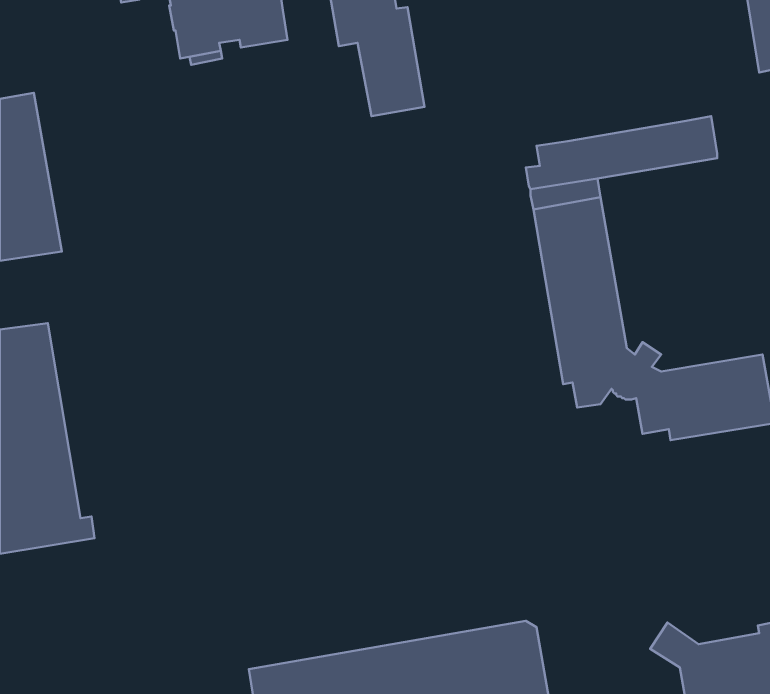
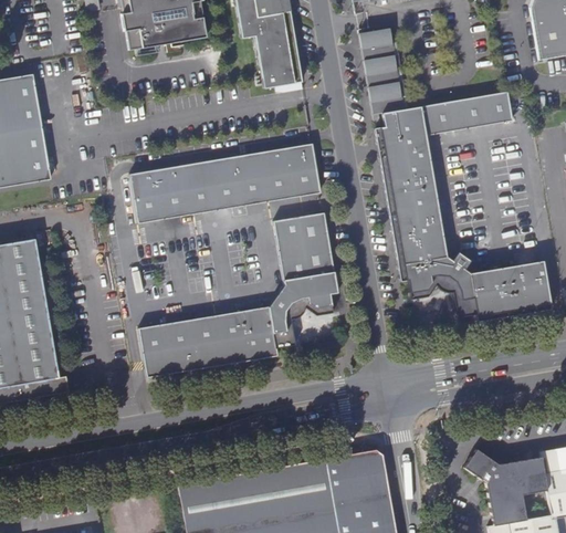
building: none -> [359,27,405,114]
building: none -> [130,142,322,222]
building: none -> [139,211,337,377]

